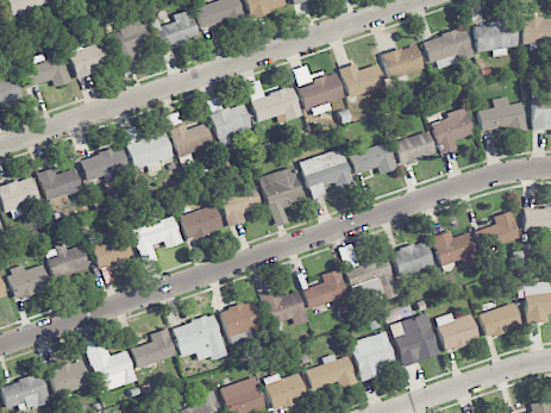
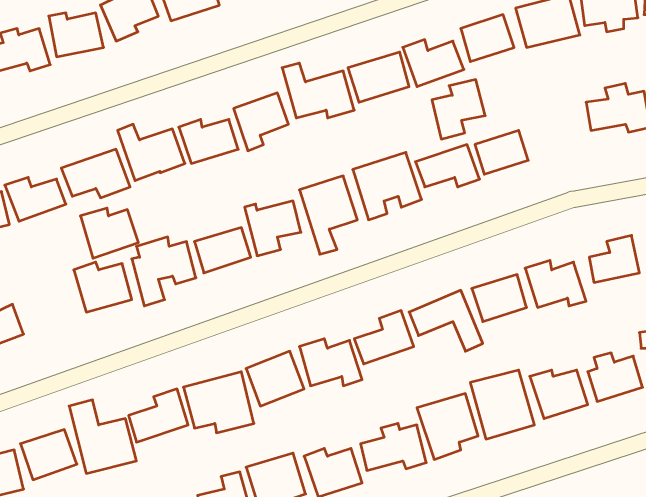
building: [433,108,474,154] -> [432,80,485,139]
building: [46,244,90,282] -> [80,208,138,258]

